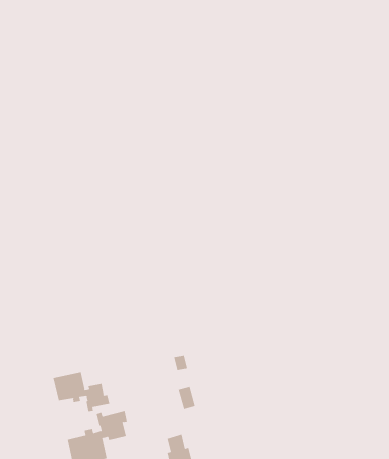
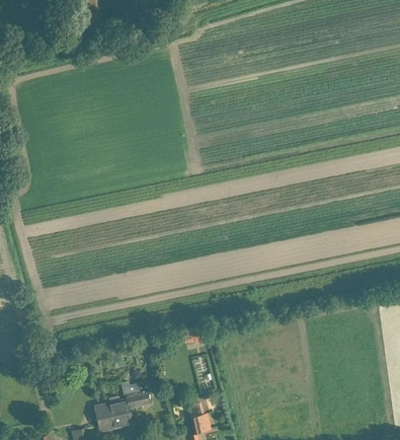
building: [53,371,110,412] -> none

